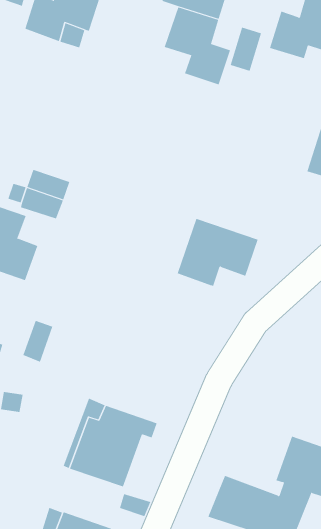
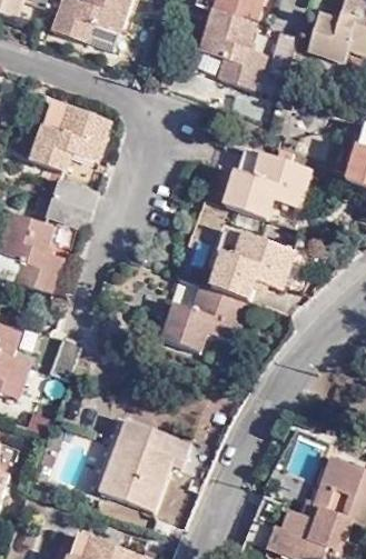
building: none -> [31,101,111,171]
building: none -> [224,146,311,219]
building: none -> [161,283,247,351]

